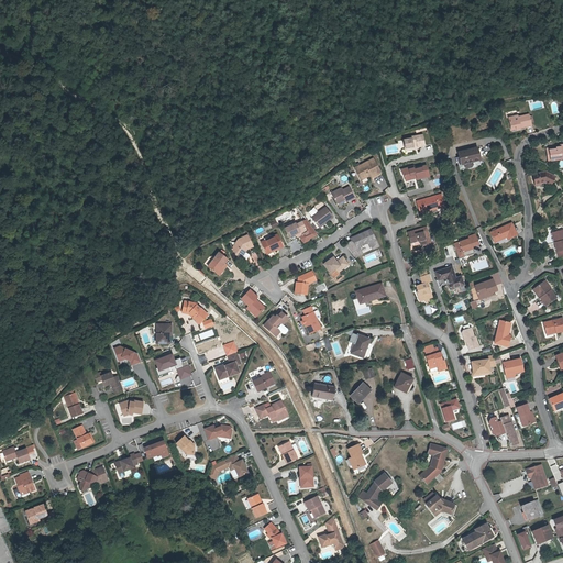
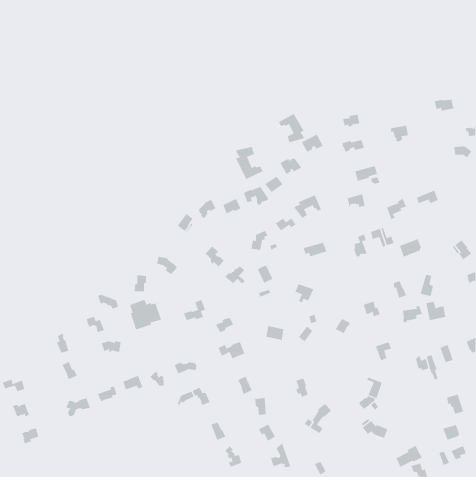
building: none -> [278,113,305,143]
building: none -> [235,146,263,180]

